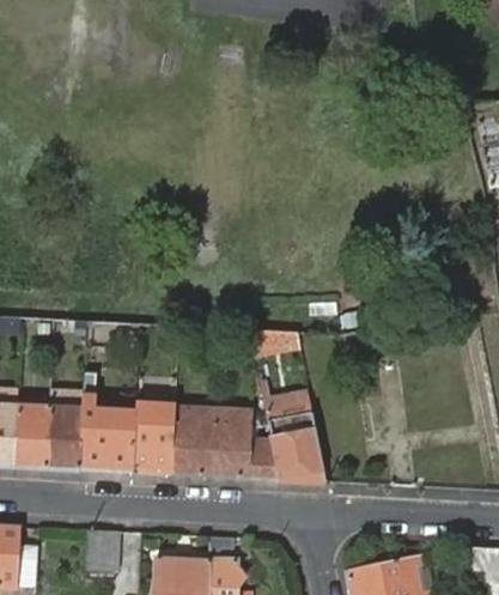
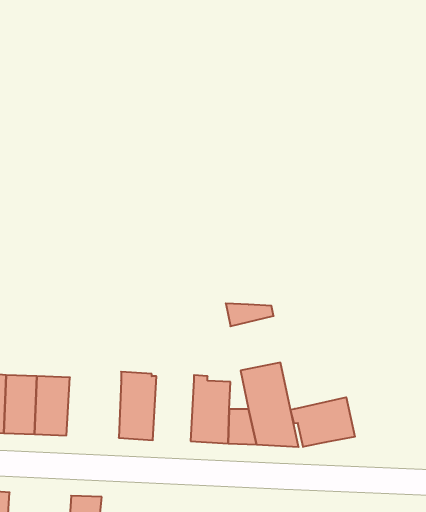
building: [80,395,138,469] -> none
building: [171,401,214,473] -> none
building: none -> [291,397,355,447]

